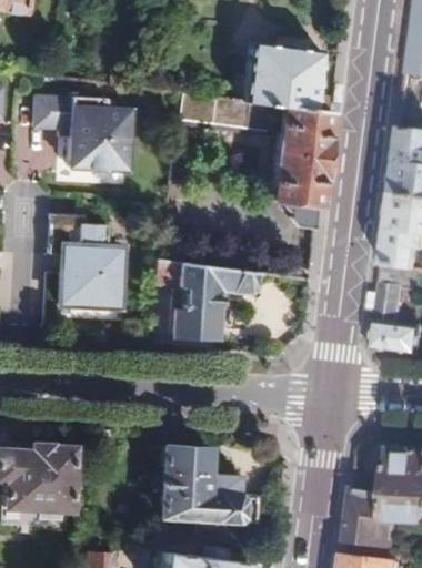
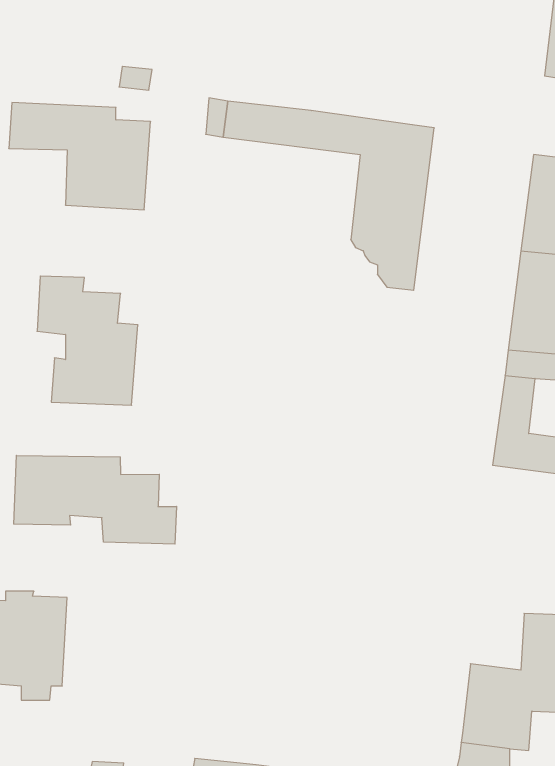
building: [243,39,322,110] -> none
building: [157,258,261,337] -> none
building: none -> [14,455,177,544]
building: [159,447,254,525] -> none

